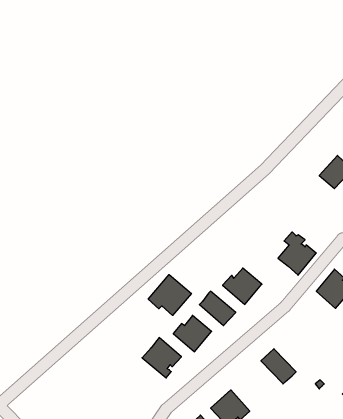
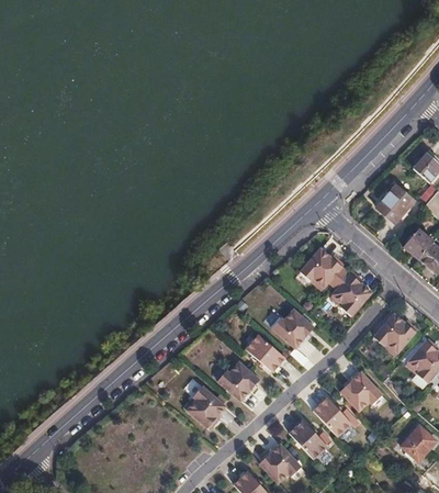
building: none -> [300,246,347,289]
building: [148,275,191,315] -> none
building: none -> [339,369,381,408]
building: none -> [289,418,327,458]

